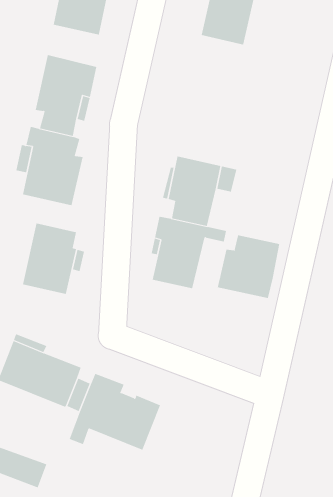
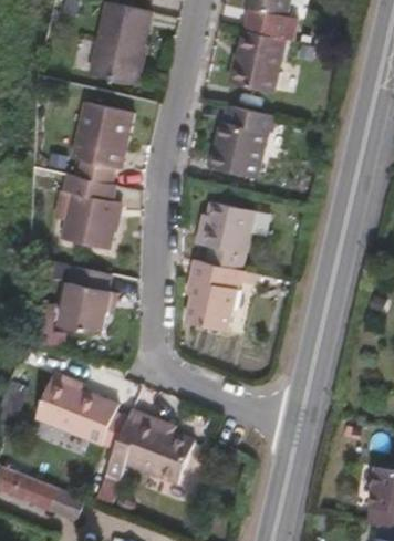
building: none -> [209,104,274,177]
building: [217,235,280,299] -> none

